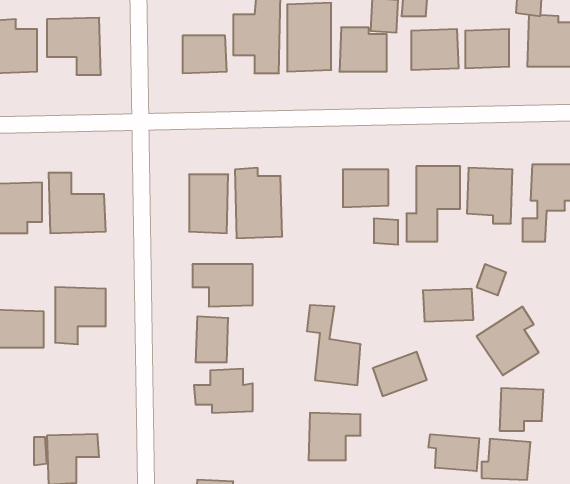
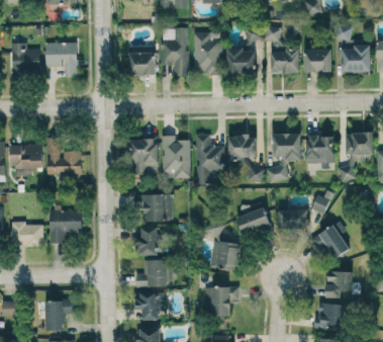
building: none -> [195,135,224,184]
building: [373,352,427,396] -> [236,207,270,235]
building: none -> [137,291,163,320]
building: [429,434,479,471] -> none

